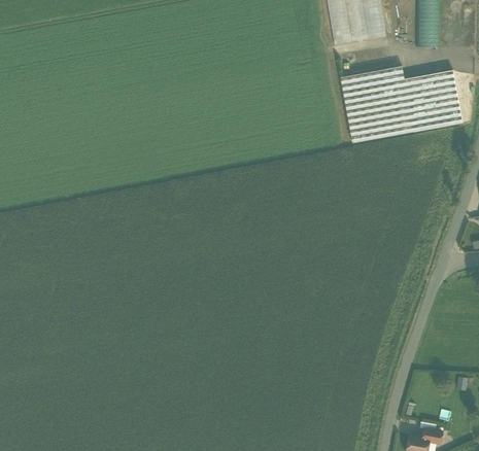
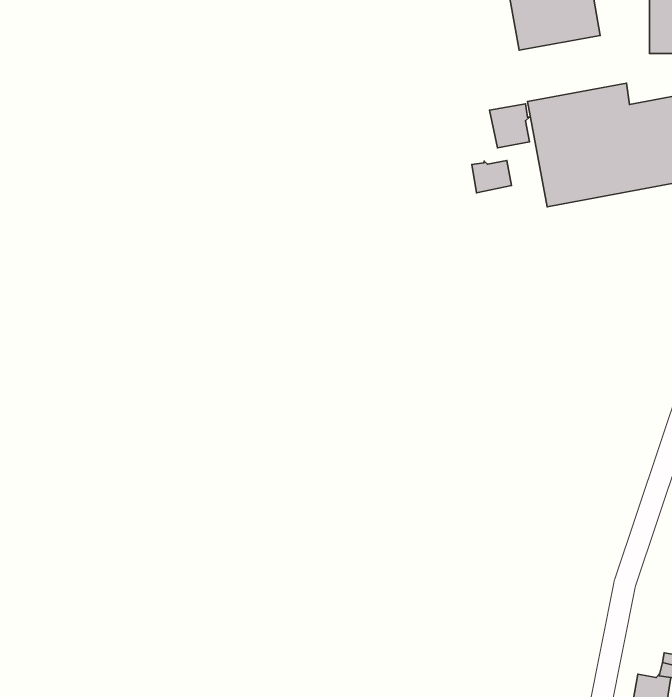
building: none -> [490,104,530,148]
building: none -> [472,160,512,193]

